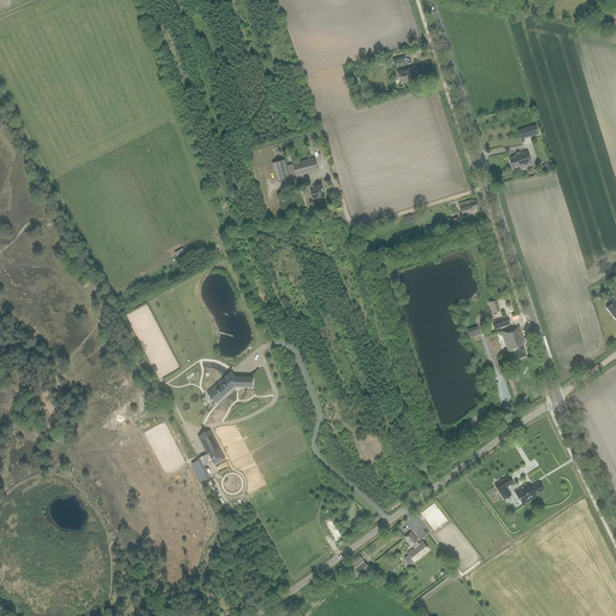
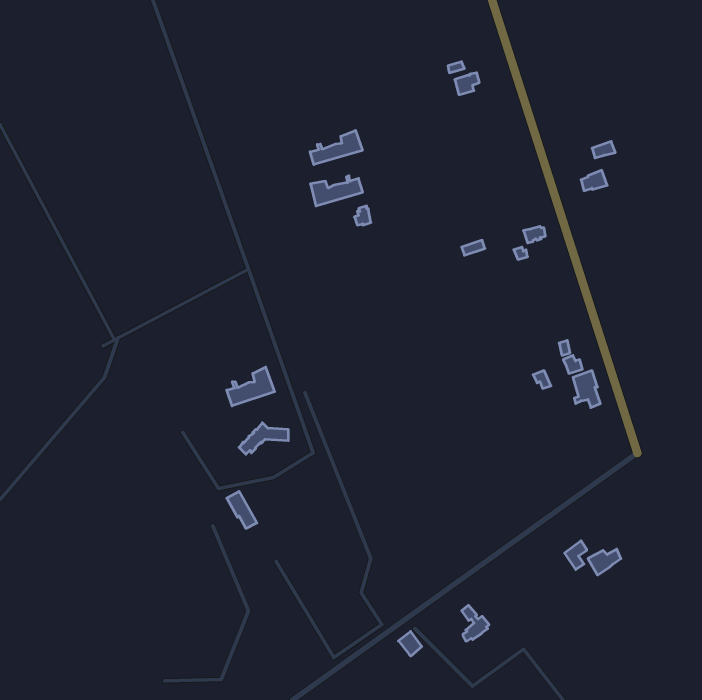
building: none -> [310,130,362,165]
building: none -> [227,367,275,406]

